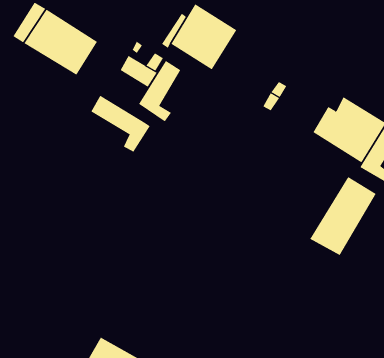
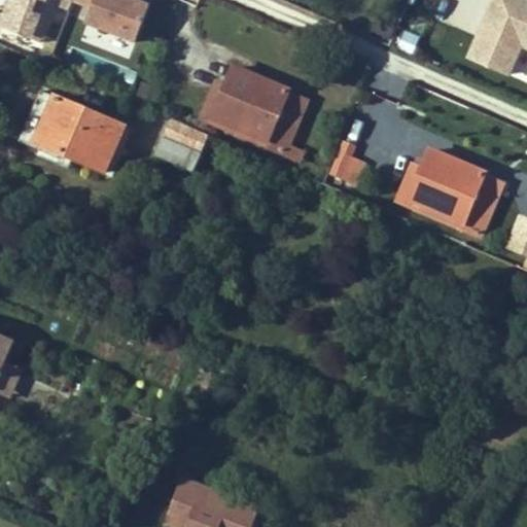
building: [138,60,181,122] -> [265,87,310,162]
building: [91,95,151,153] -> none
building: [310,176,377,256] -> none

